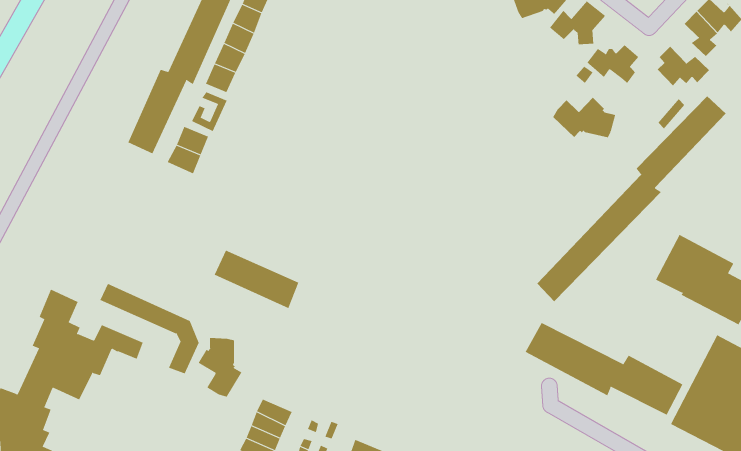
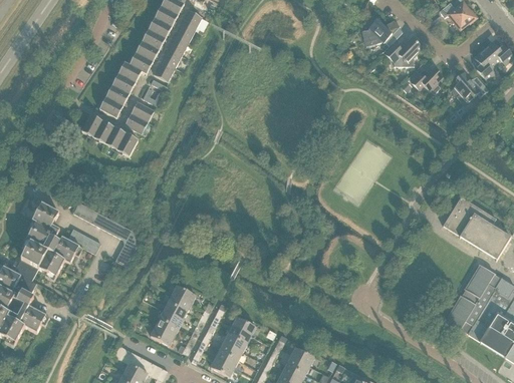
building: [536,96,727,302] -> none
building: [553,97,616,138] -> none
building: [214,250,299,309] -> [81,113,138,155]
building: [525,322,683,415] -> none
building: [198,337,242,397] -> none

